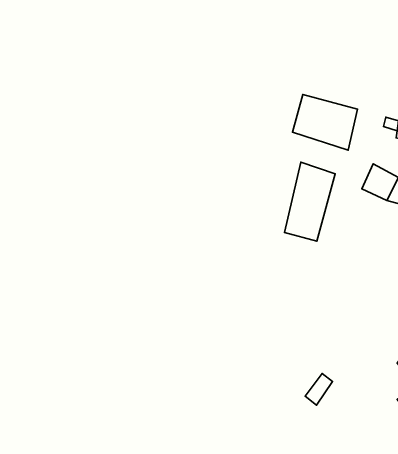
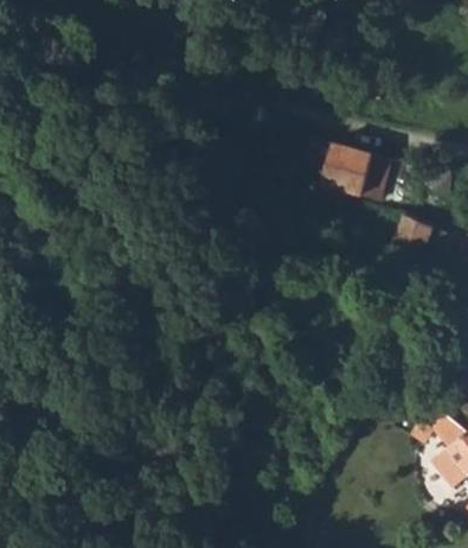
building: [284,162,335,241] -> none

